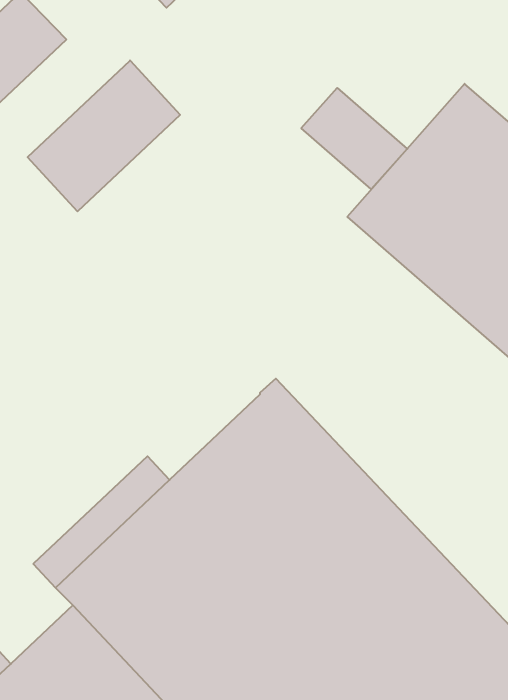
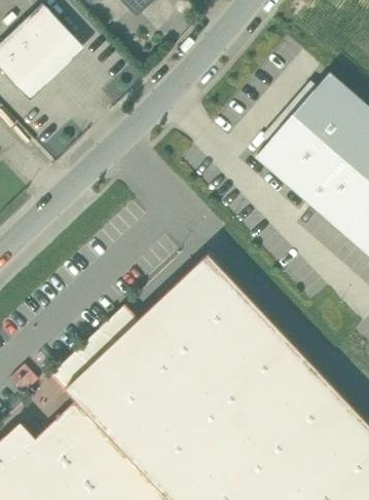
building: [28,60,180,211] -> none
building: [301,88,407,189] -> none

